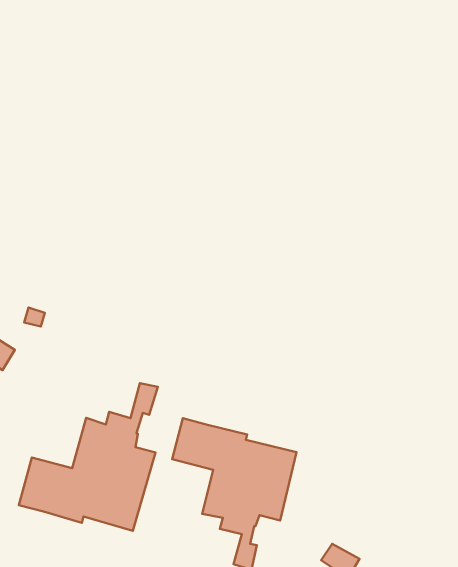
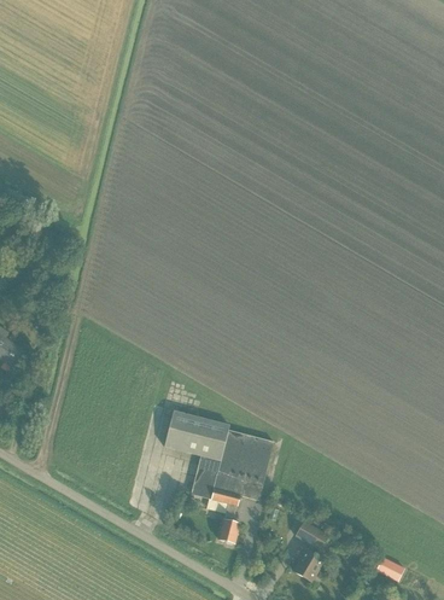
building: [19,383,158,531] -> none

